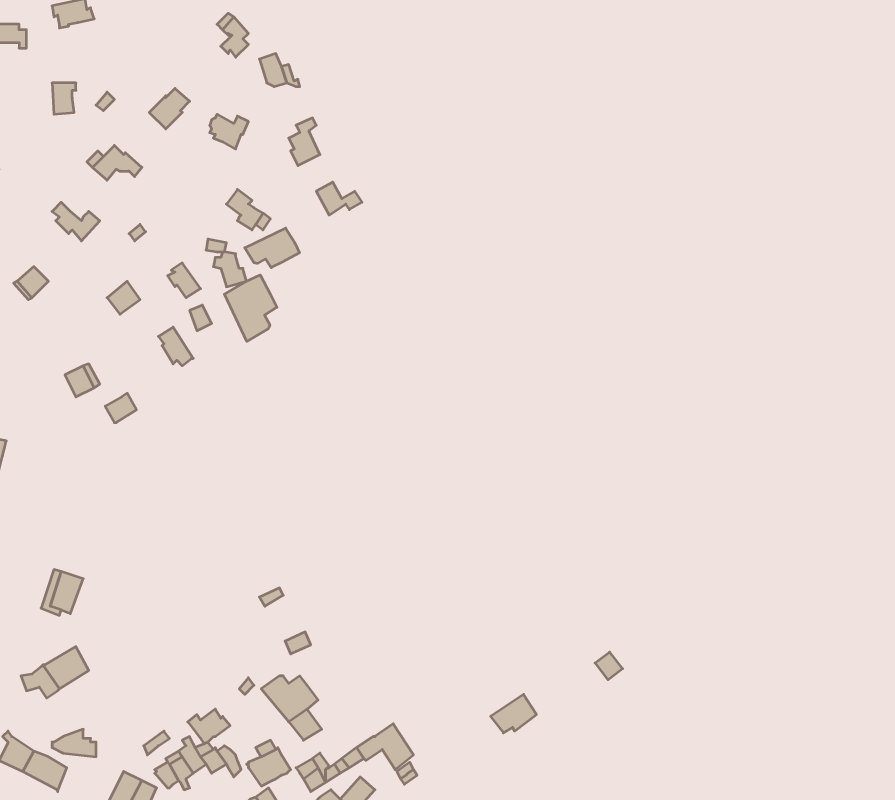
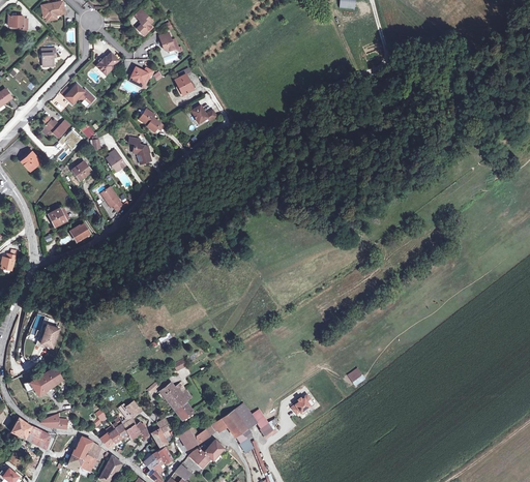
building: [245,228,299,268] -> none
building: [224,275,277,341] -> none
building: none -> [234,402,266,429]

